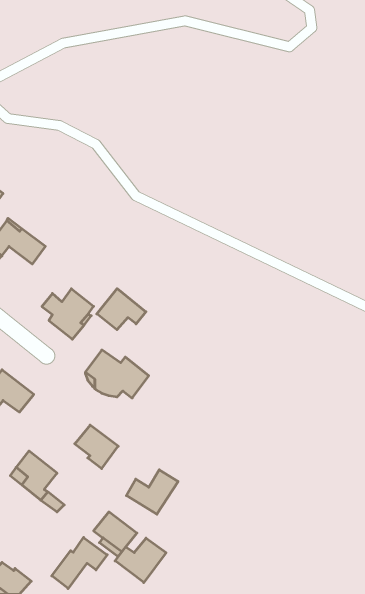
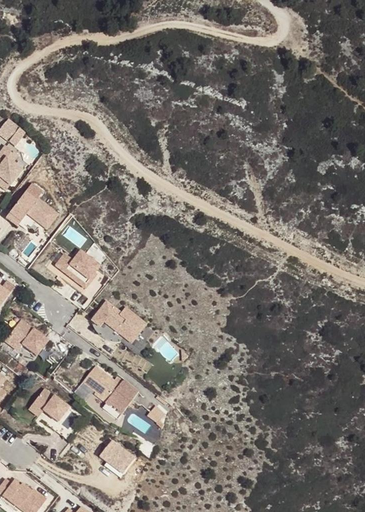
building: [97,289,146,330] -> none
building: none -> [105,378,139,416]
building: [52,537,107,589] -> none
building: [115,538,166,583] -> none

